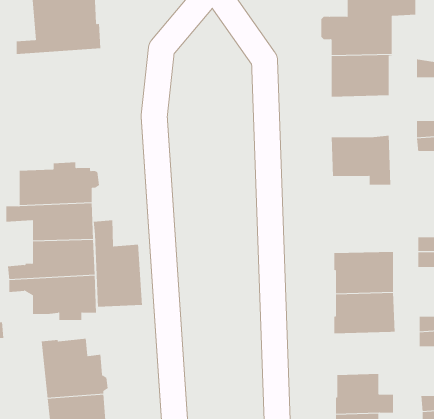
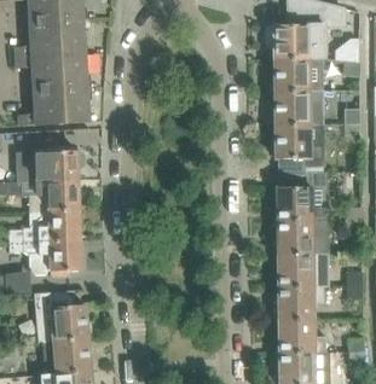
building: none -> [16,53,89,126]
building: none -> [274,92,323,126]
building: none -> [276,173,326,221]
building: [93,219,142,308] -> none
building: none -> [277,286,324,321]

